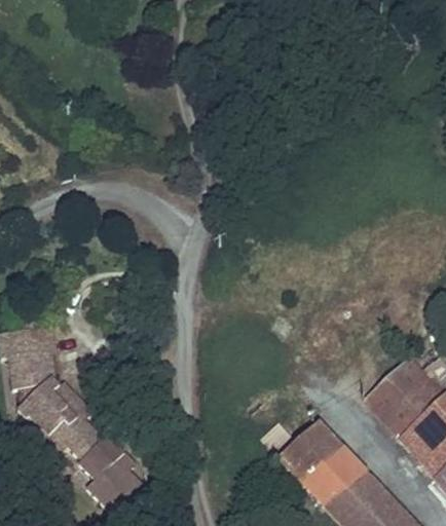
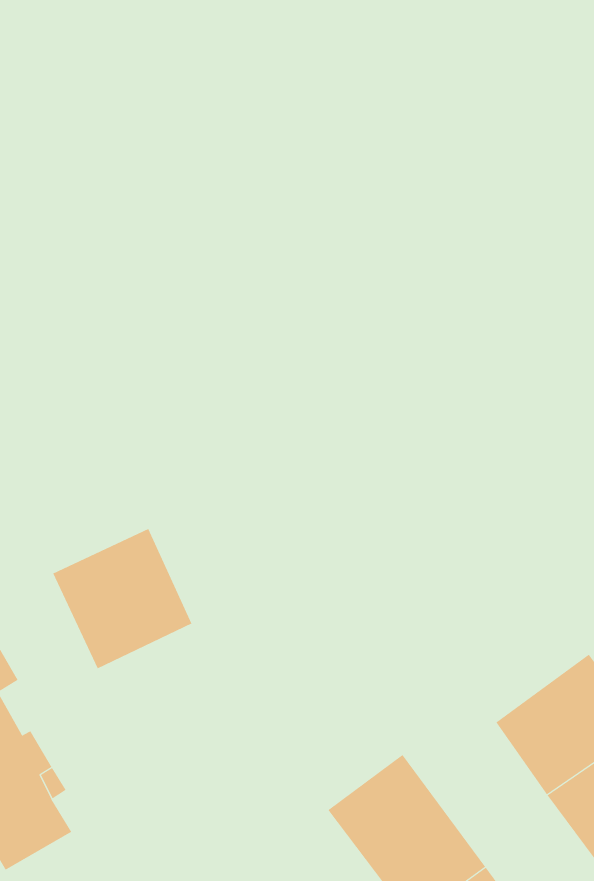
building: none -> [52,528,192,669]

